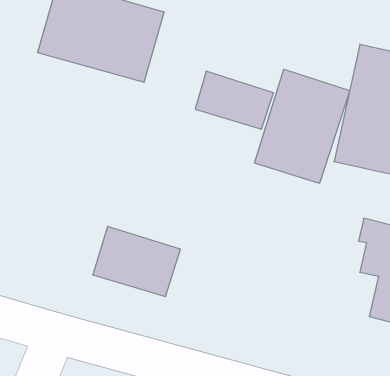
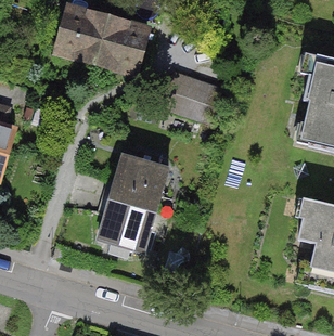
building: [255,69,350,183] -> none
building: none -> [101,166,171,222]

